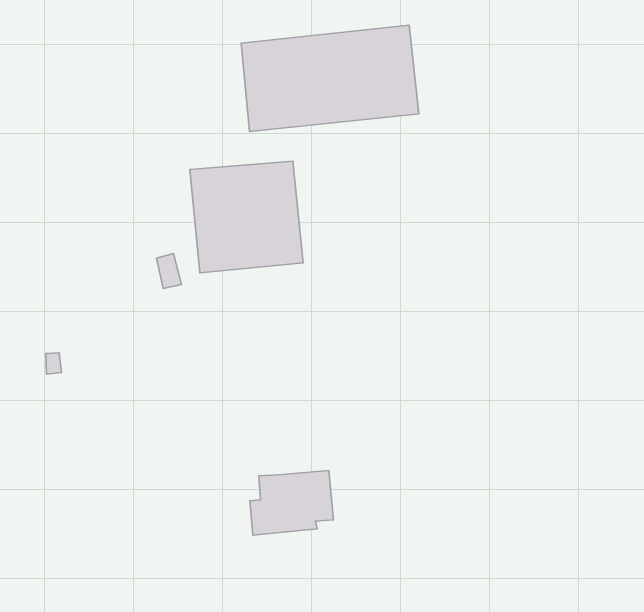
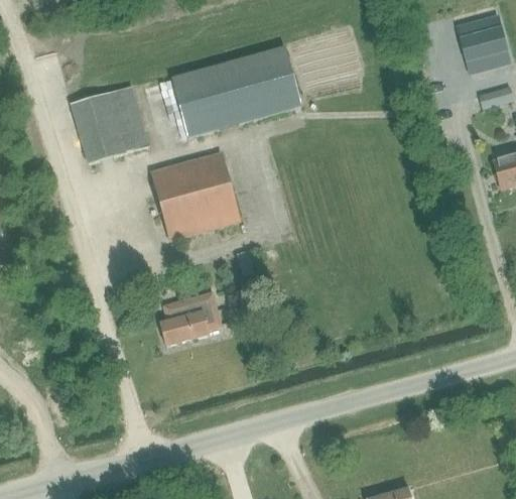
building: none -> [71,86,147,162]
building: [250,471,333,535] -> [159,292,219,346]

